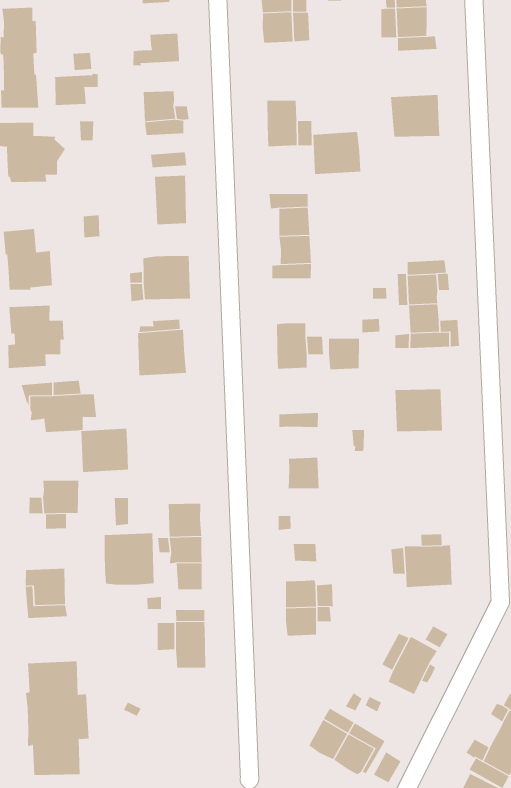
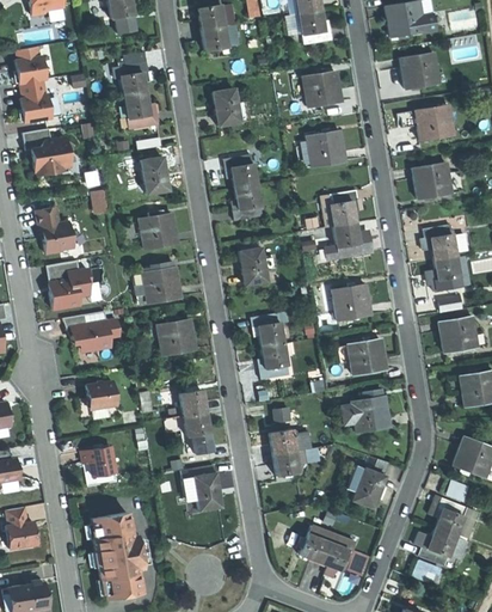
building: [53,73,98,105] -> [122,72,155,98]
building: [312,132,361,175] -> [308,134,346,169]
building: [328,338,360,370] -> [258,324,283,349]
building: [80,428,129,473] -> [158,317,196,353]
building: none -> [348,338,387,375]
building: [104,532,154,585] -> none

